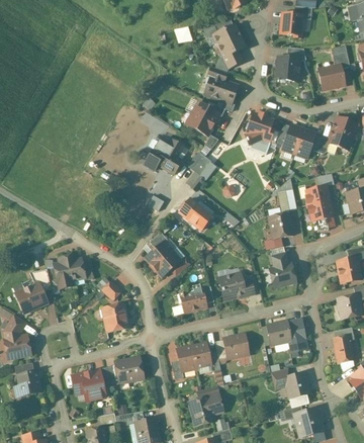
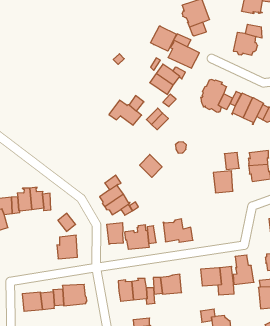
building: none -> [151,26,177,51]
building: [271,253,295,287] -> [233,255,254,285]
building: none -> [107,223,123,244]

